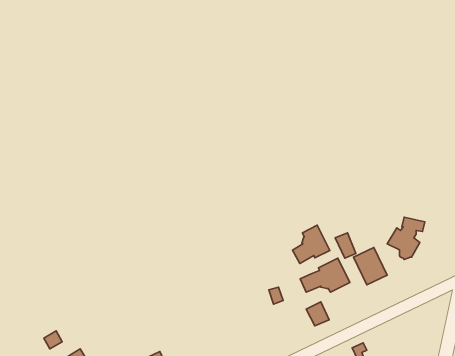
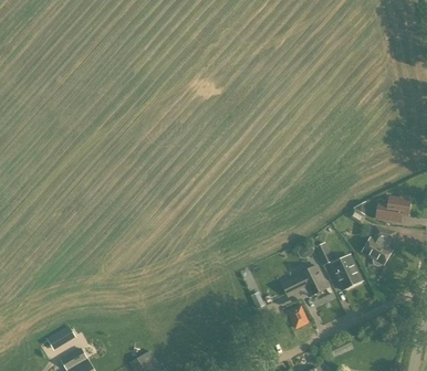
building: none -> [375,197,409,220]
building: [293,225,330,264] -> none

